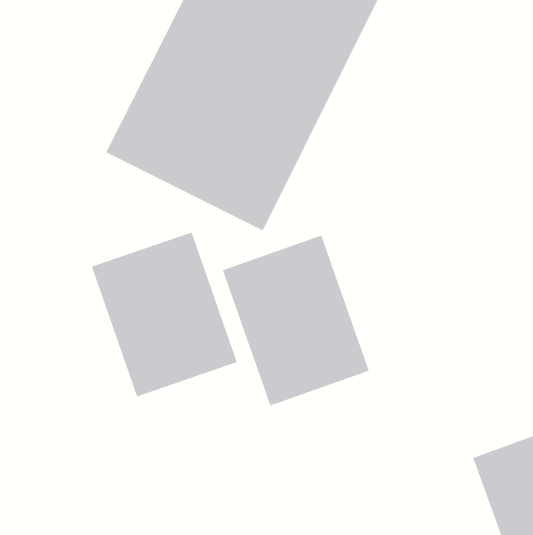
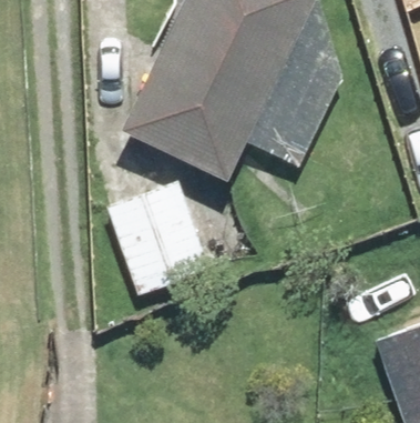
building: [222,234,370,407] -> none

